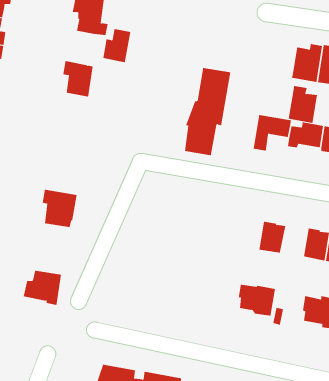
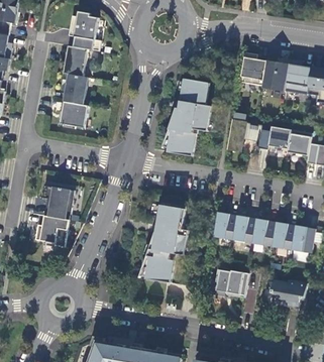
building: [103,28,131,63] -> [62,46,87,77]
building: [288,86,318,123] -> [239,52,265,86]
building: none -> [57,101,88,129]
building: none -> [145,203,188,282]
building: none -> [213,211,236,239]
building: none -> [251,217,276,245]
building: [23,270,62,306] -> [33,216,68,247]

